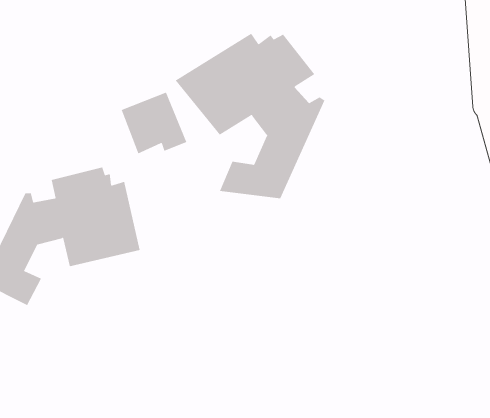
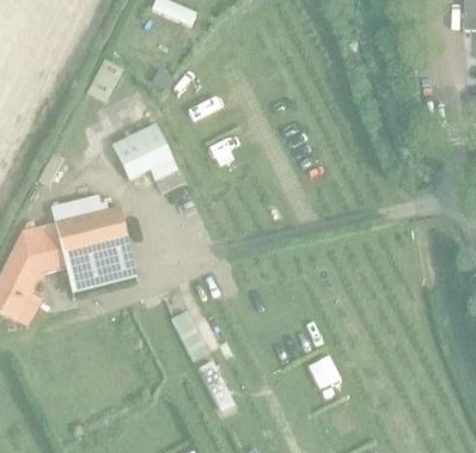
building: [175,33,325,199] -> none

